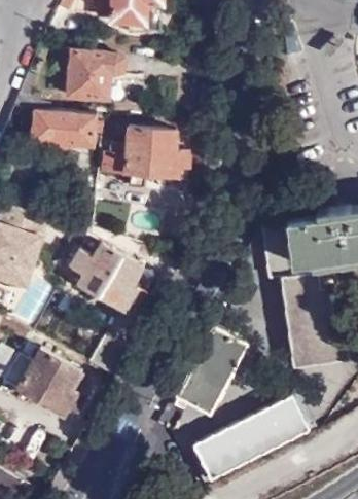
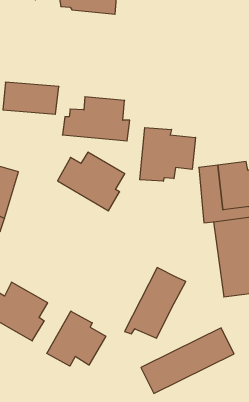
building: [67,51,124,102] -> none
building: none -> [140,128,195,181]
building: [65,244,145,314] -> [58,152,125,211]
building: none -> [47,311,106,366]

